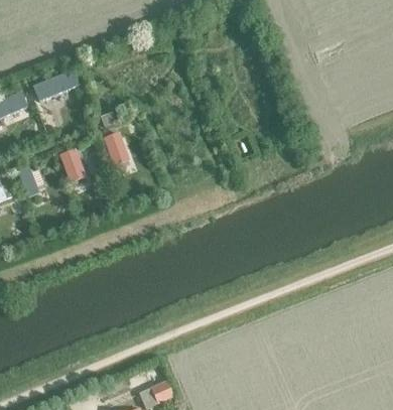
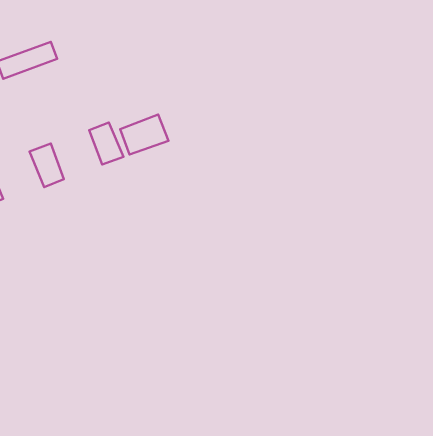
building: none -> [120,114,168,154]

